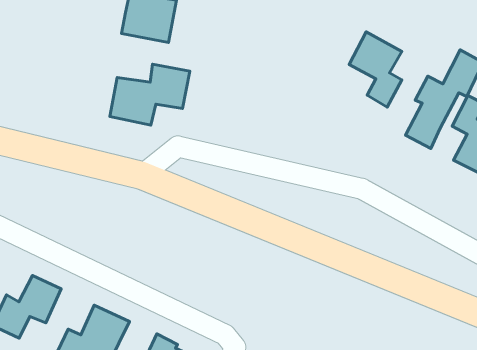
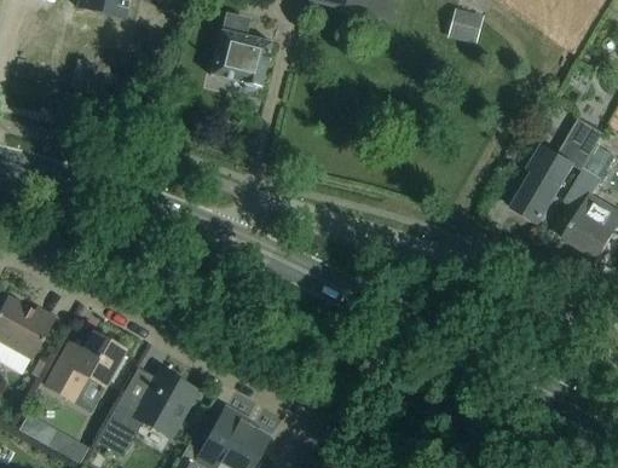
building: [349,32,402,107] -> none
building: [110,64,190,125] -> none

